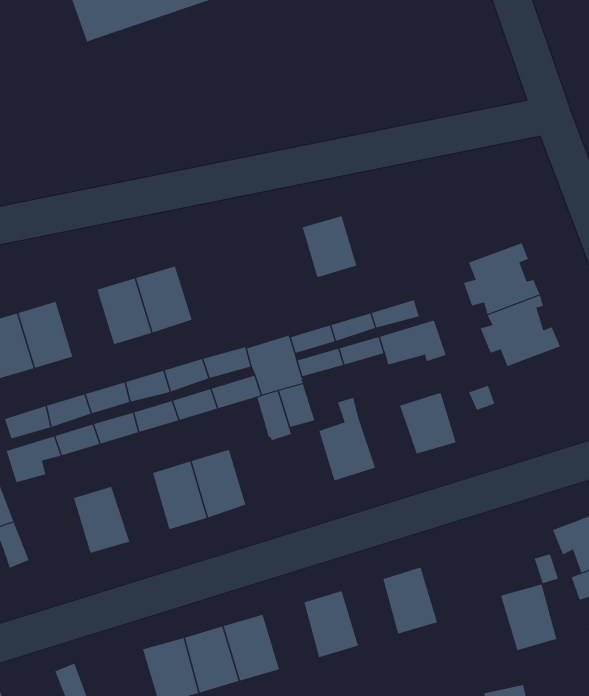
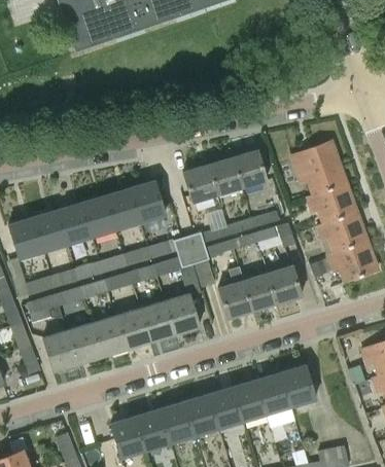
building: none -> [291,142,343,187]
building: none -> [233,150,267,189]
building: none -> [182,166,217,205]
building: none -> [131,181,166,222]
building: none -> [58,204,93,245]
building: none -> [327,239,378,284]
building: none -> [243,275,278,313]
building: none -> [164,294,200,335]
building: none -> [92,316,127,358]
building: none -> [43,331,78,372]
building: none -> [233,381,267,422]
building: [500,584,557,651] -> [281,366,316,407]
building: none -> [184,395,218,436]

